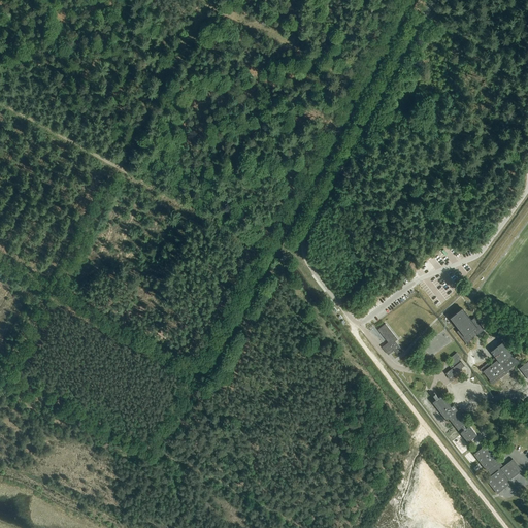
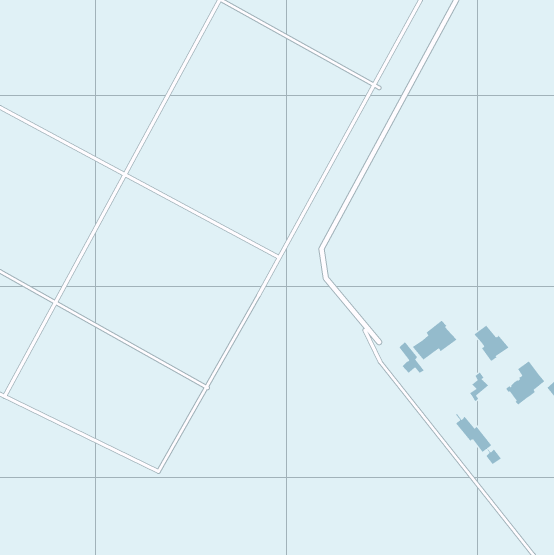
building: none -> [412,320,457,361]
building: [474,444,523,494] -> none

